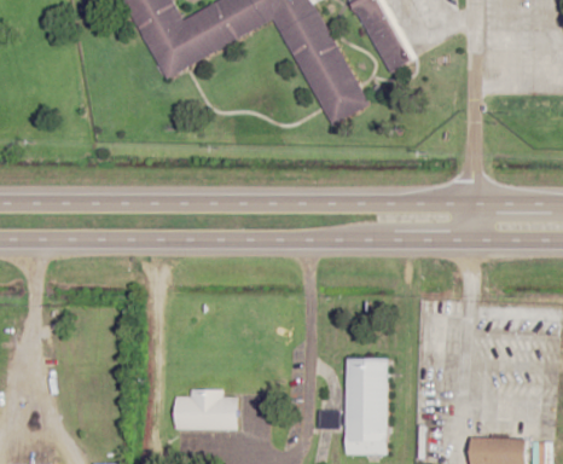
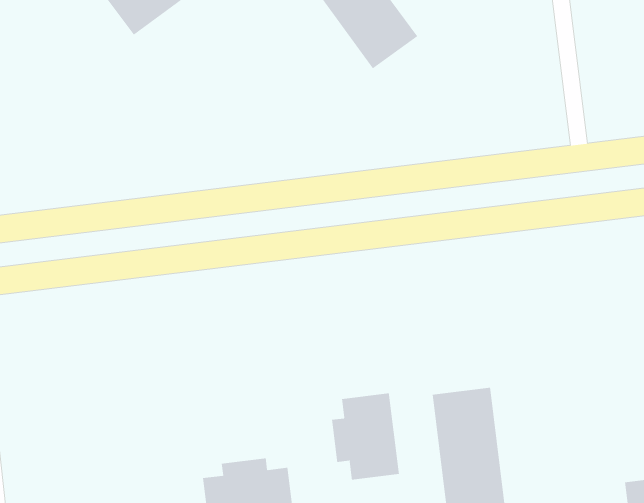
building: none -> [331,392,399,480]

